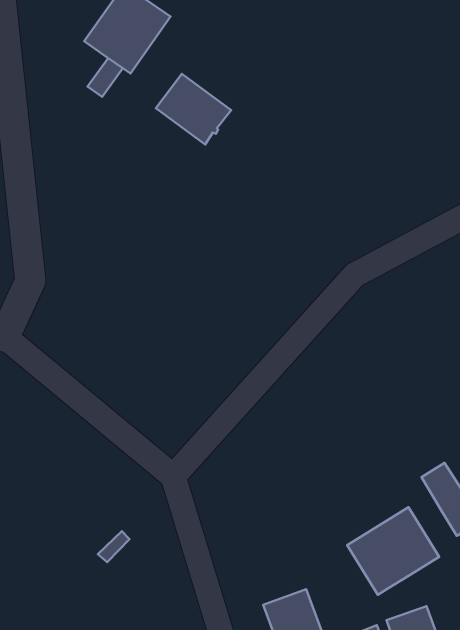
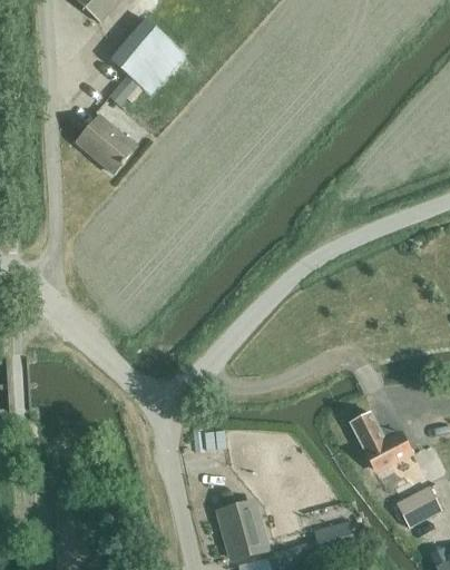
building: [156,74,231,145] -> [78,116,137,173]
building: [347,507,439,595] -> none

